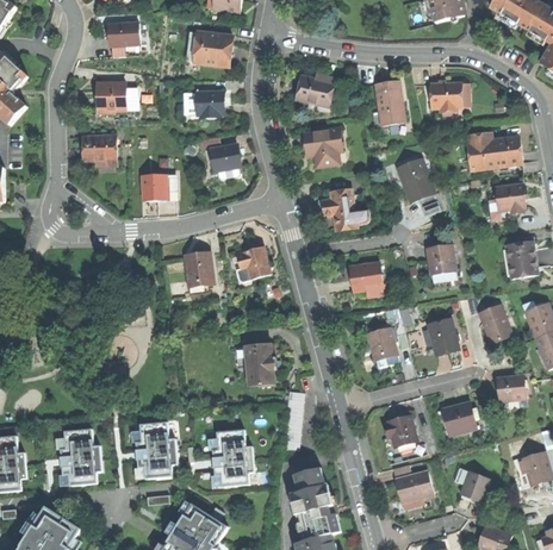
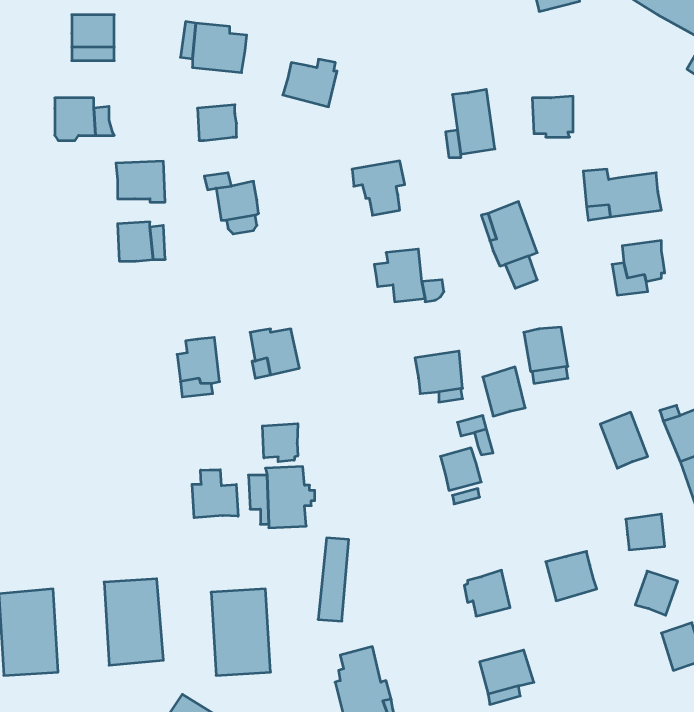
building: [297,73,335,106] -> [283,59,337,107]
building: [81,133,116,162] -> [116,161,165,202]
building: [507,240,538,277] -> none
building: none -> [262,424,298,462]
building: [427,318,456,352] -> [483,367,525,416]
building: none -> [192,470,238,518]
building: [460,470,490,501] -> [635,571,678,615]

